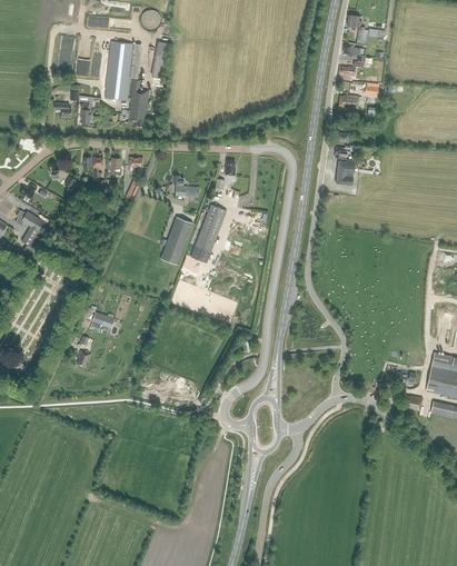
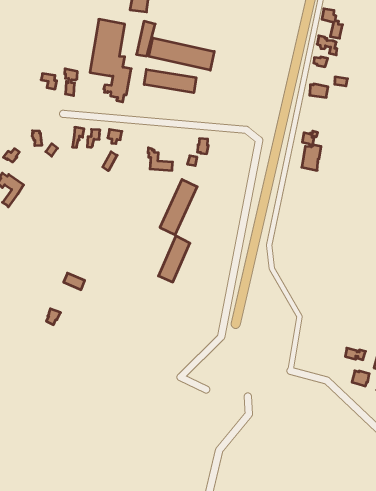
building: none -> [149,38,214,70]
building: none -> [144,69,196,93]
building: [160,217,191,266] -> [158,236,190,282]

